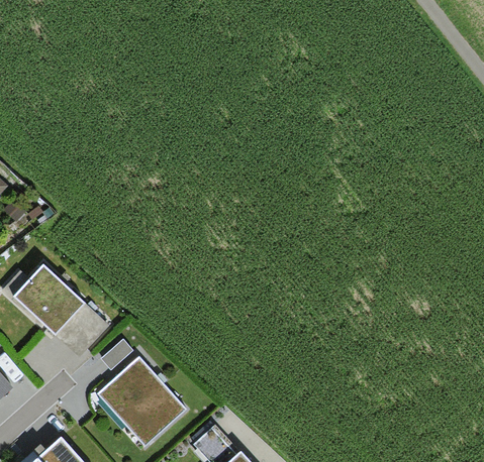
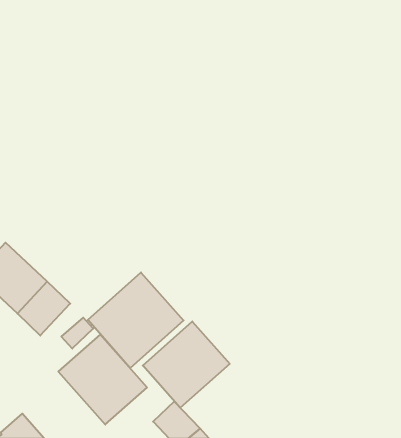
building: none -> [88,272,184,368]
building: none -> [143,321,230,408]

